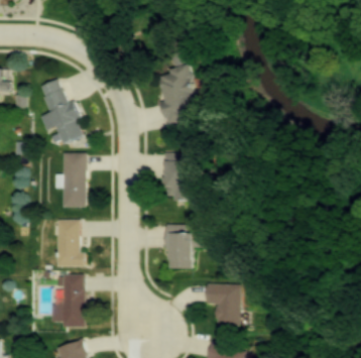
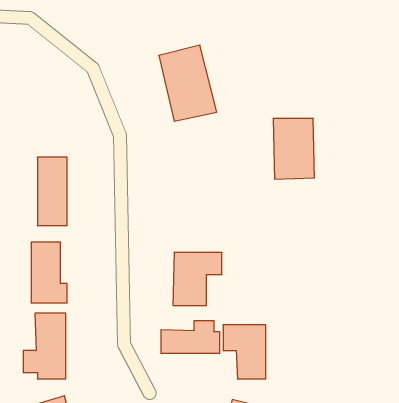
building: [39,79,86,143] -> none
building: [165,152,198,200] -> [273,118,315,179]
building: none -> [161,321,219,354]

